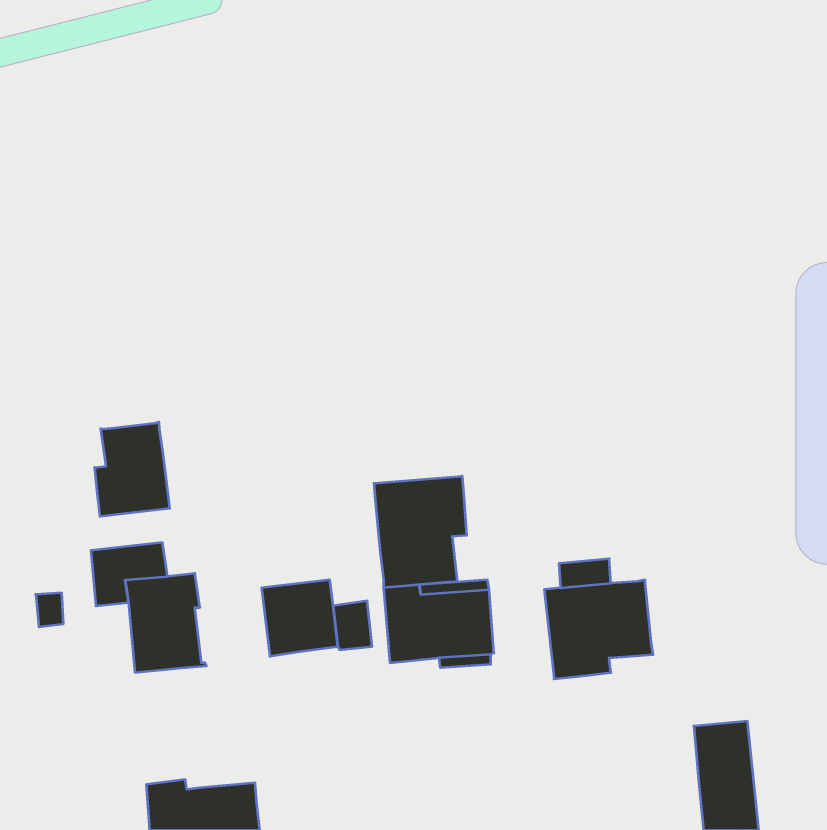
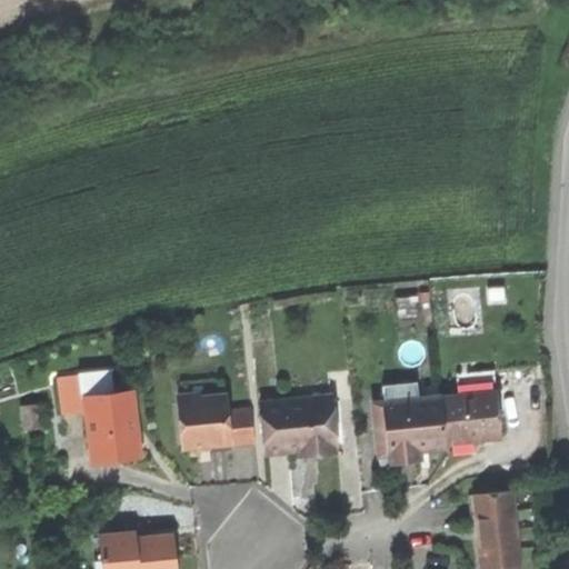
building: [95,422,170,516] -> none
building: [374,476,467,588] -> none
building: none -> [441,393,501,441]

